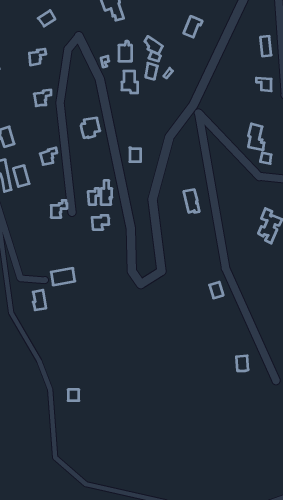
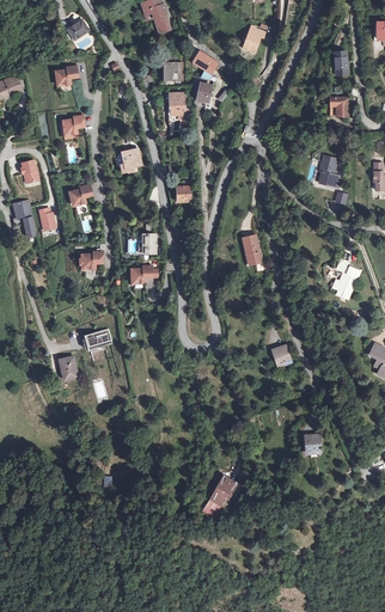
building: none -> [203,476,242,515]

